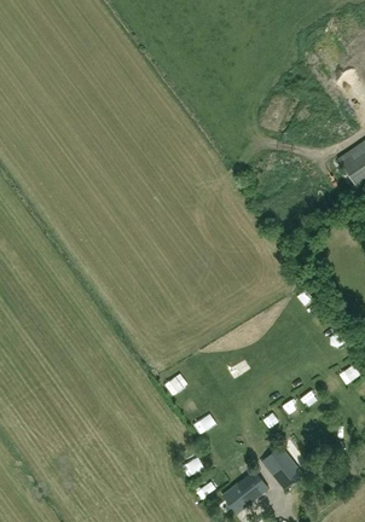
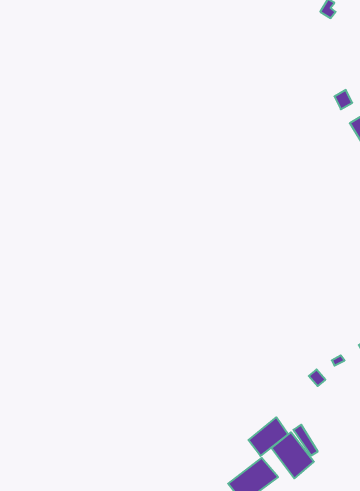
building: none -> [248,417,288,456]

